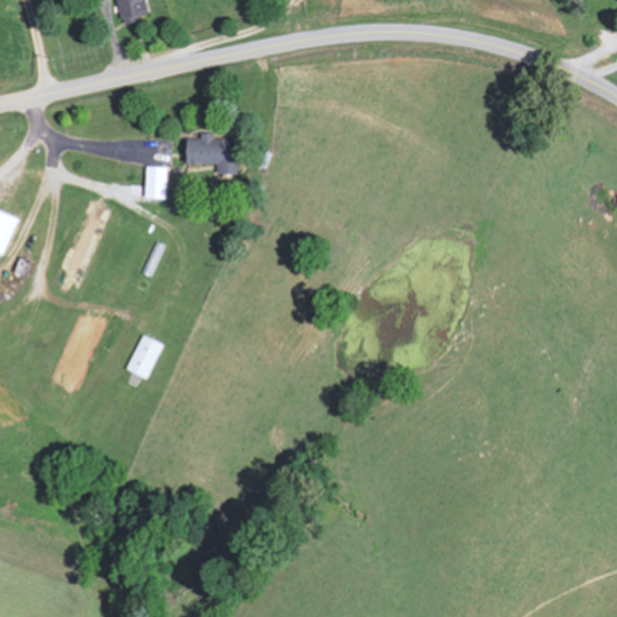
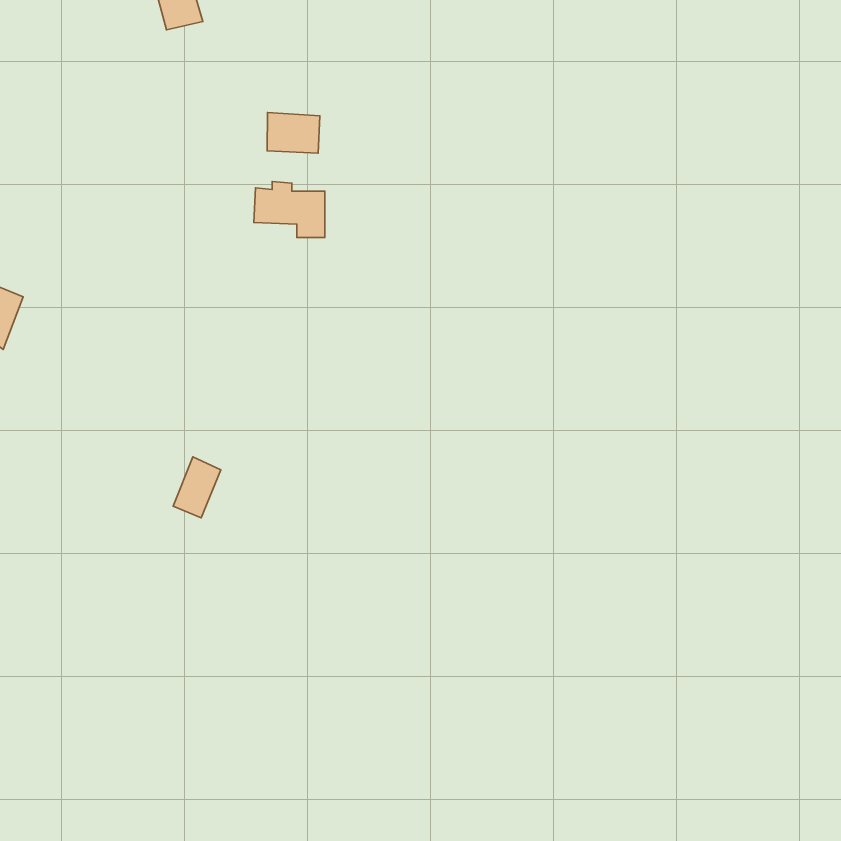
building: none -> [267,113,320,153]
building: [145,166,166,199] -> none

